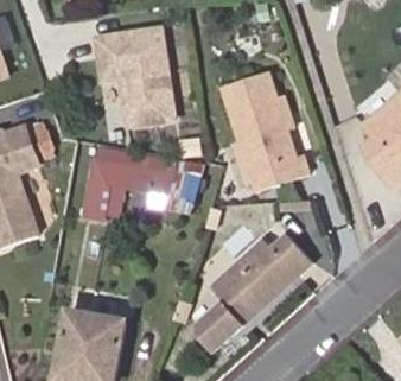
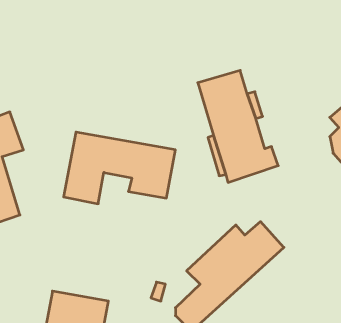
building: [98,26,173,121] -> none

